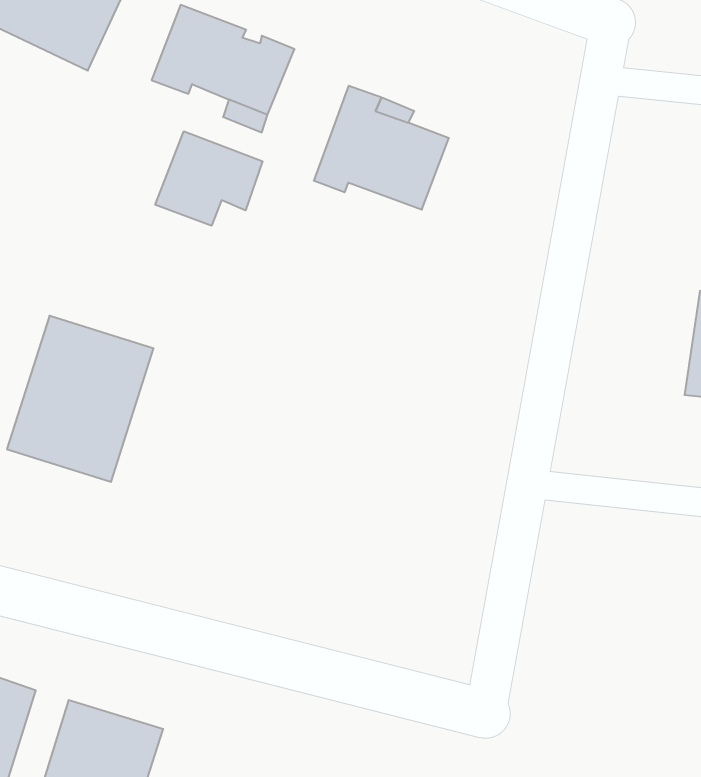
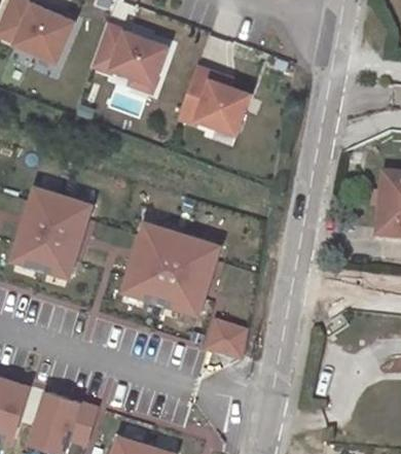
building: [155,131,263,226] -> none
building: none -> [124,224,219,314]
building: none -> [203,318,246,360]

